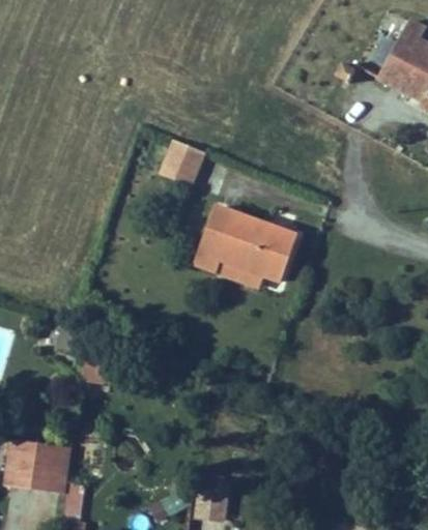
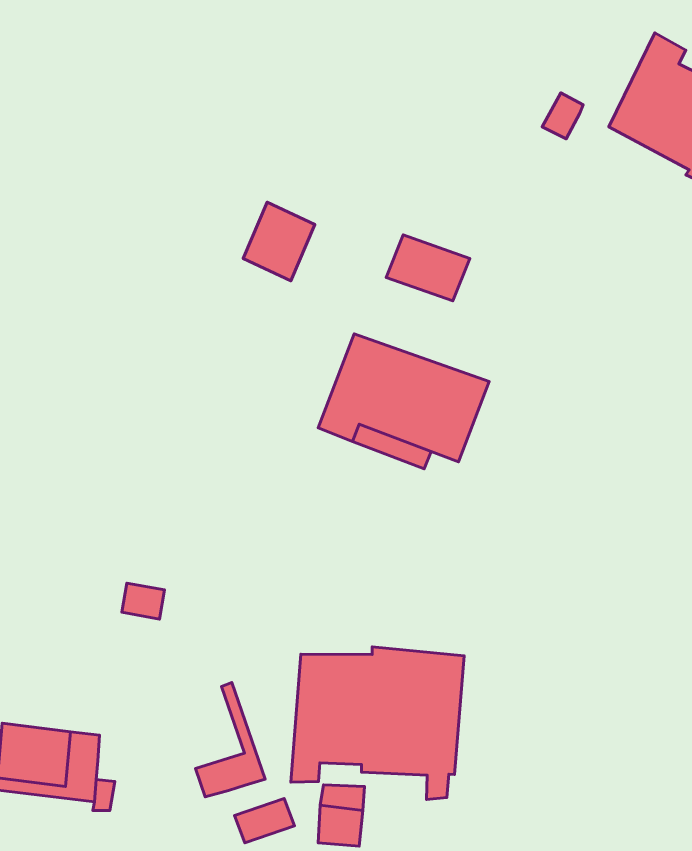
building: none -> [386,235,470,301]
building: none -> [291,647,464,799]
building: none -> [195,683,265,797]

